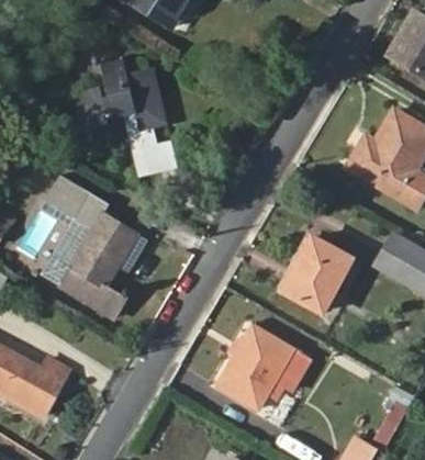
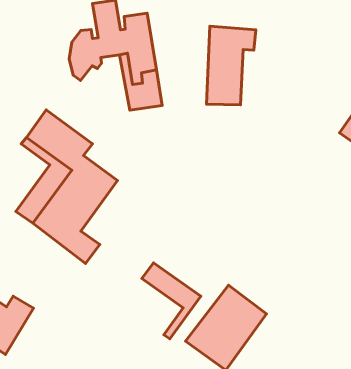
building: none -> [207,26,256,105]
building: [282,237,351,311] -> none
building: none -> [142,263,201,339]

